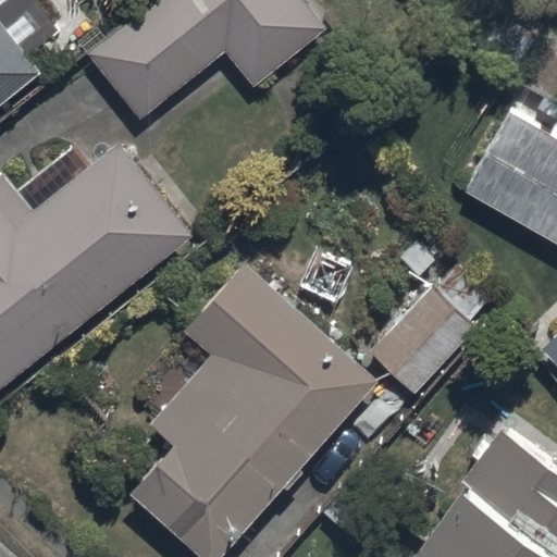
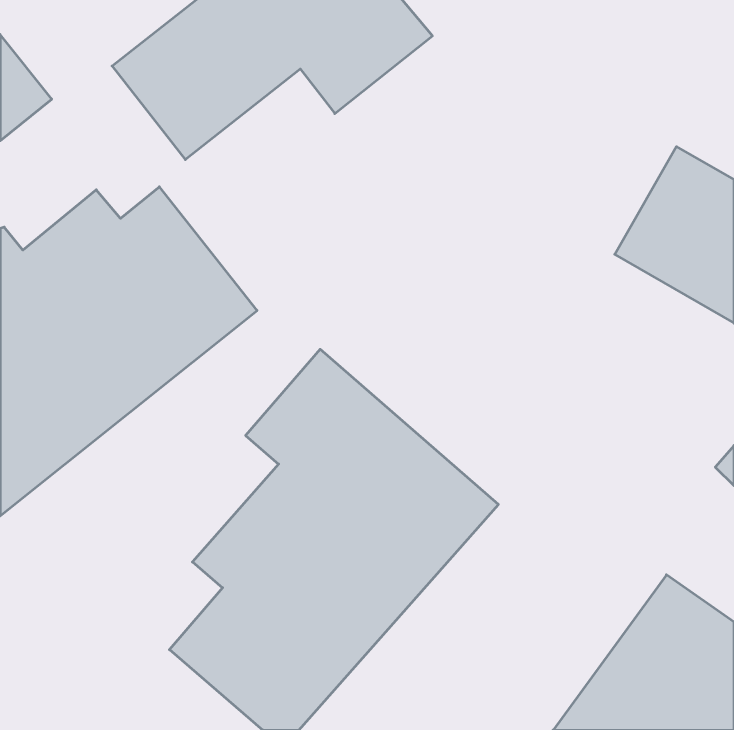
building: [370,262,494,395] -> none

